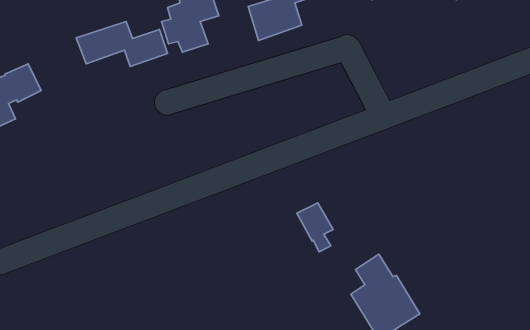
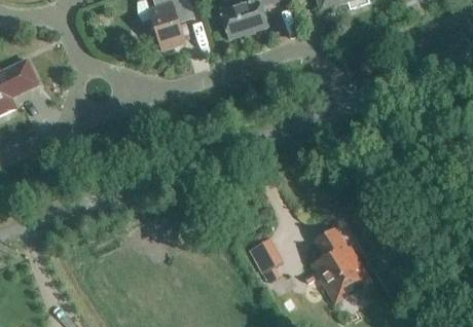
building: [76,21,167,66] -> none
building: [297,203,333,252] -> [251,239,283,282]

